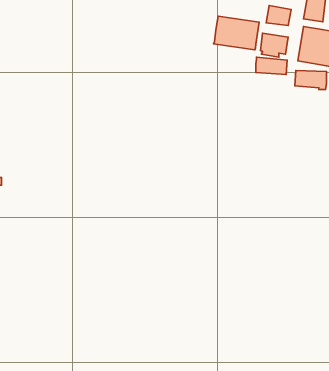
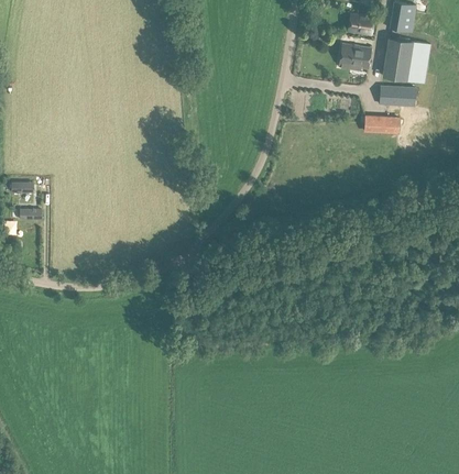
building: [214,16,259,50] -> none
building: [256,57,287,74] -> [363,114,400,134]

